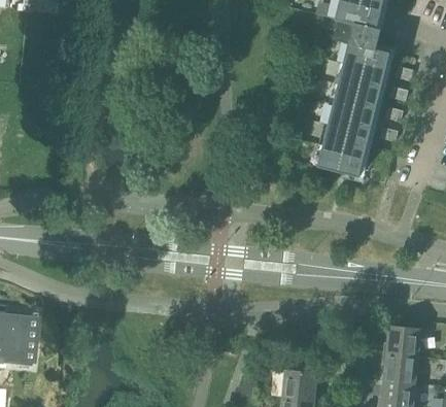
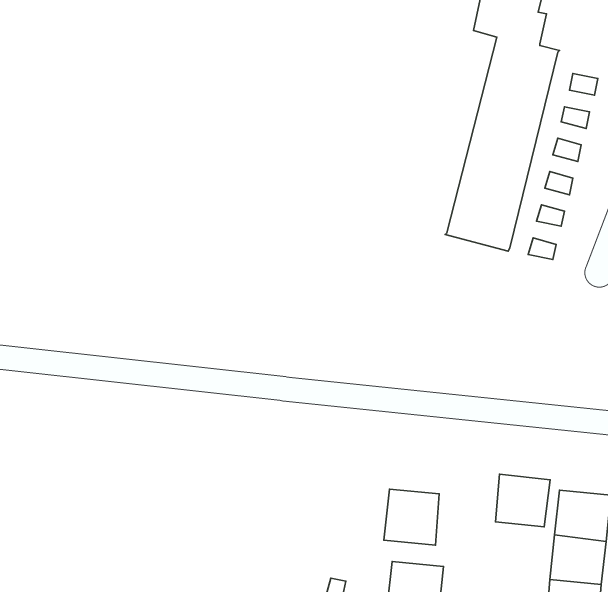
building: none -> [495,474,550,527]
building: none -> [384,489,439,545]

